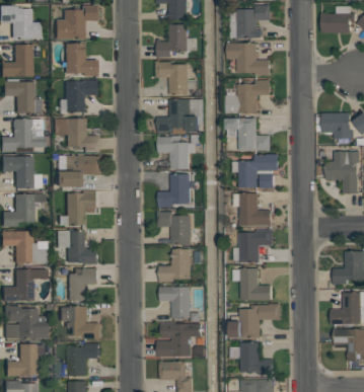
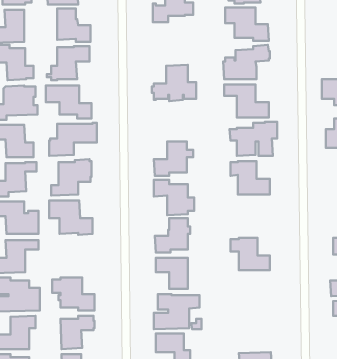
building: [157,61,198,94] -> none
building: [159,134,204,168] -> none
building: [235,229,275,262] -> none
building: [68,267,98,301] -> none
building: [232,303,282,337] -> none
building: [232,341,275,374] -> none

